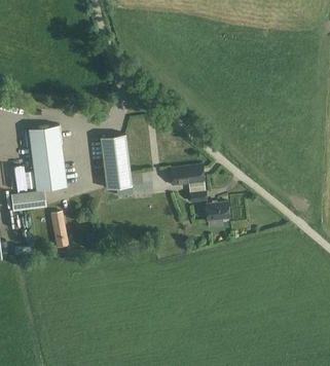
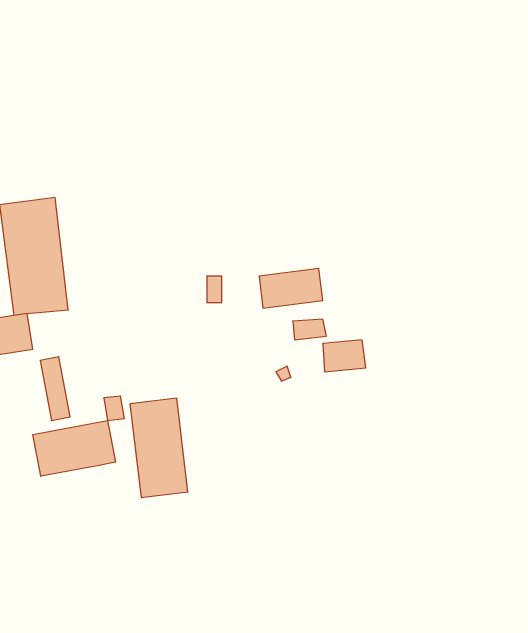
building: [100,135,132,189] -> [130,398,188,498]
building: none -> [33,420,115,476]

